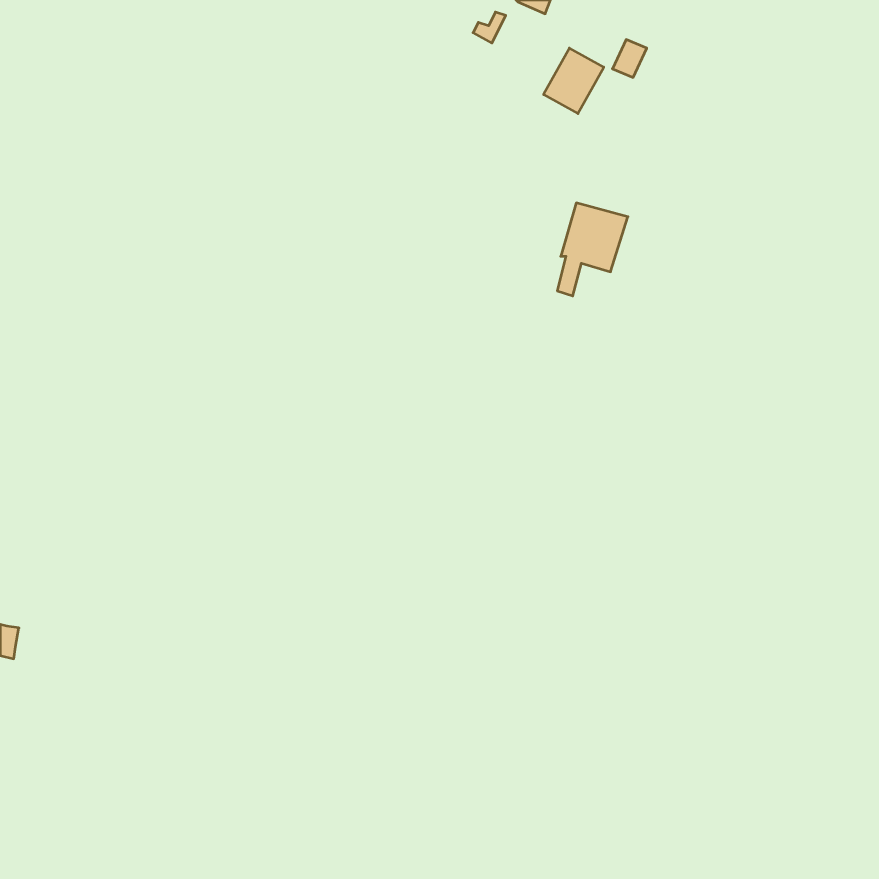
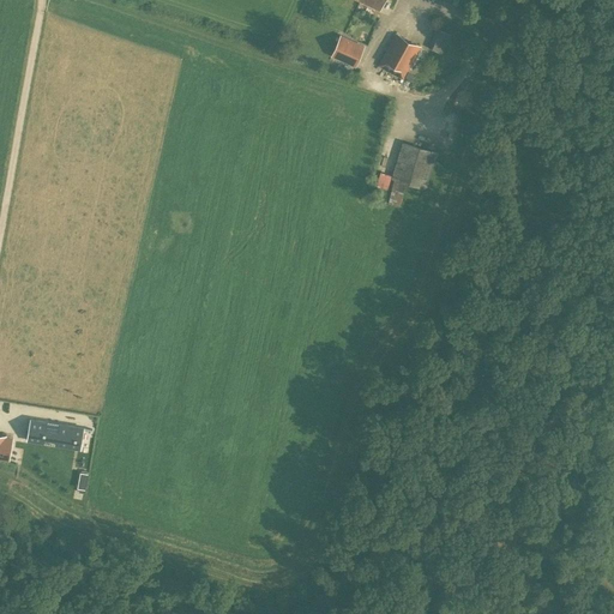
building: none -> [331,35,365,66]
building: none -> [28,419,83,447]

